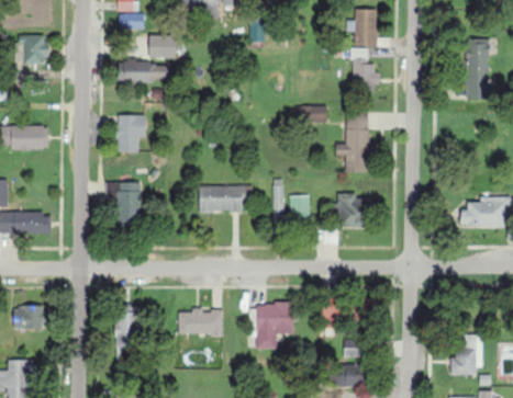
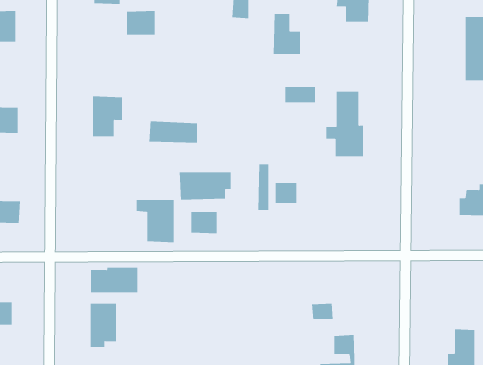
building: [352,48,378,87] -> [273,14,301,54]
building: [123,62,169,83] -> [149,121,198,143]
building: [105,183,142,224] -> [136,199,175,243]
building: [338,194,369,228] -> none
building: none -> [191,211,217,234]
building: [255,304,294,350] -> none
building: [178,310,223,334] -> [90,267,138,293]

